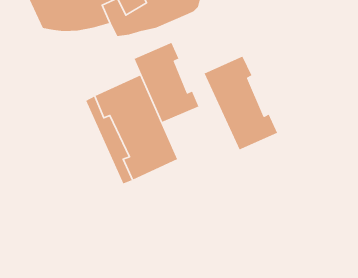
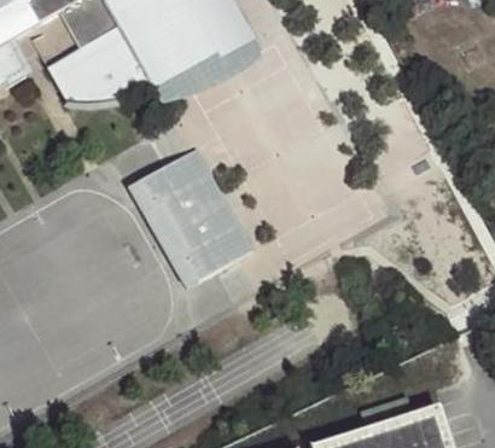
building: [133,42,200,123] -> none
building: [204,55,278,150] -> none

